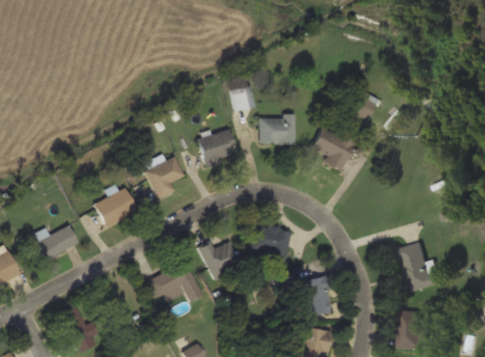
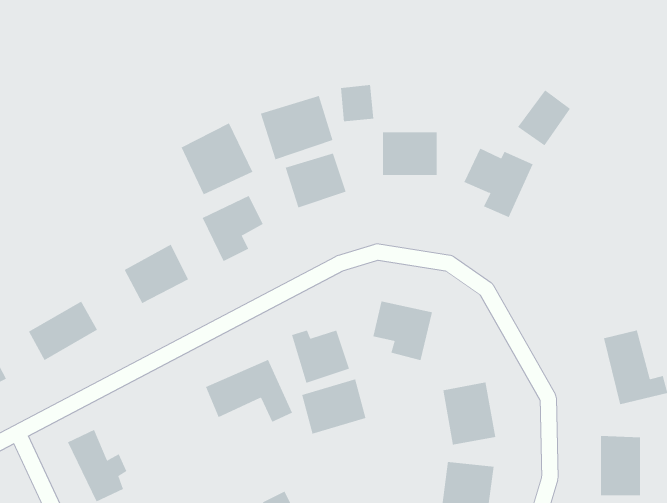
building: none -> [260,95,333,160]
building: none -> [181,122,253,195]
building: none -> [301,378,366,435]

